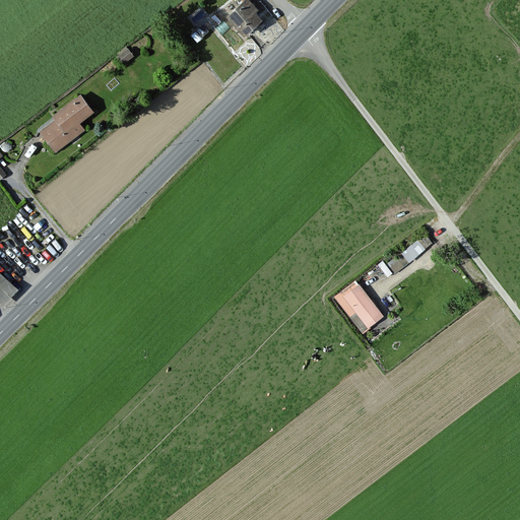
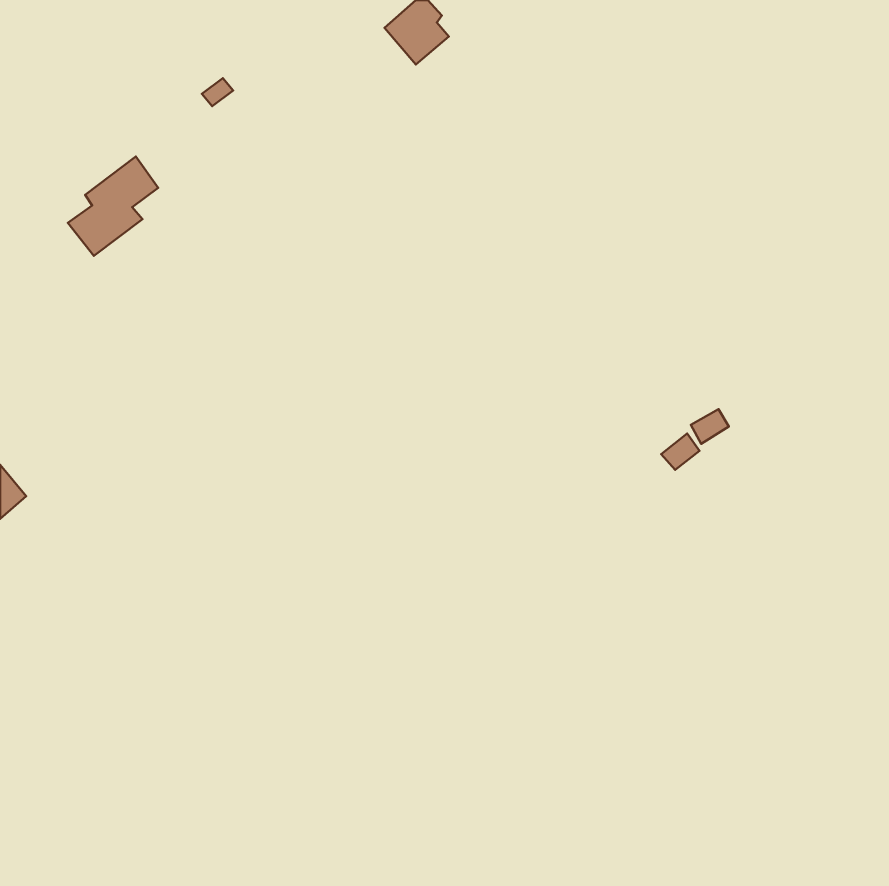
building: [334,283,383,328] -> none

